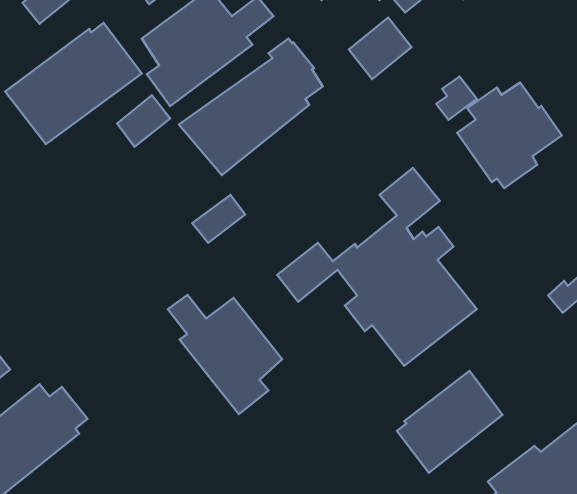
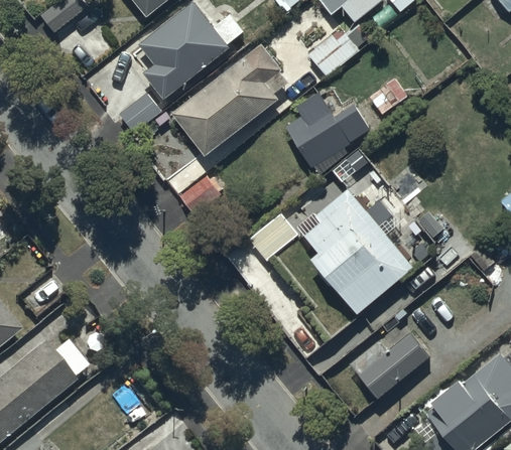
building: [5,23,142,144] -> none
building: [457,82,562,188] -> [289,86,375,172]
building: [168,295,282,414] -> none

